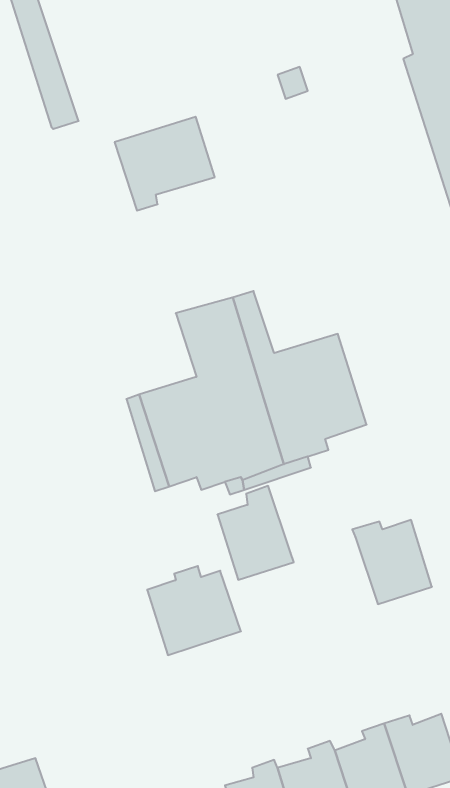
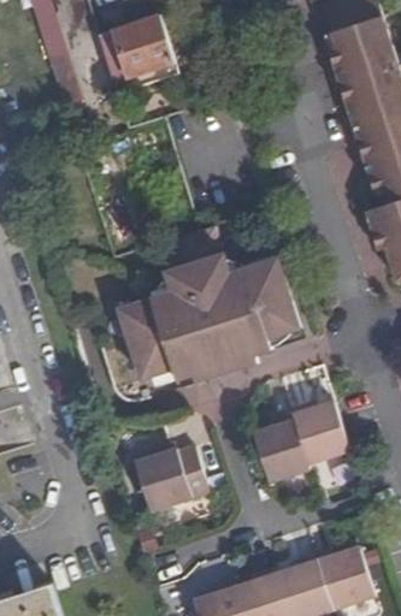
building: [115,117,215,211] -> [98,18,173,89]
building: [217,486,294,580] -> [253,416,311,487]

